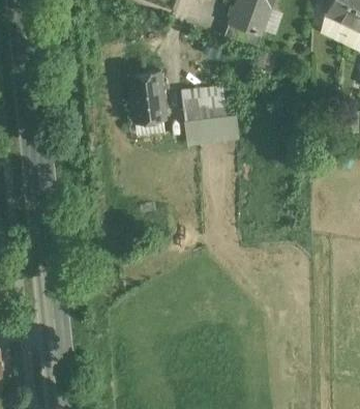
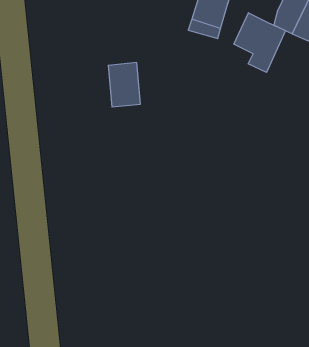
building: none -> [234,13,285,72]
building: [183,83,242,144] -> none

